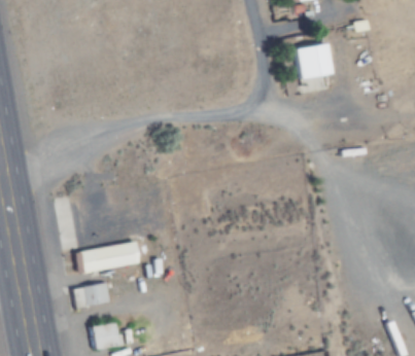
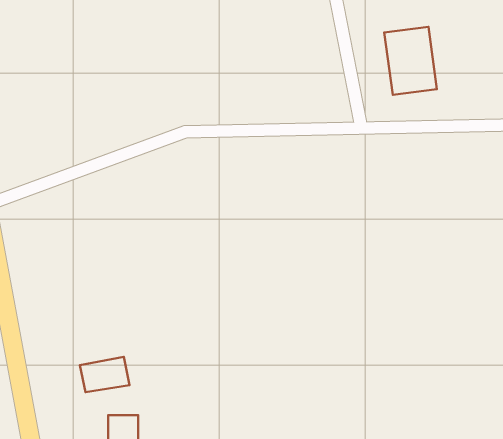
building: [76,243,140,273] -> none

